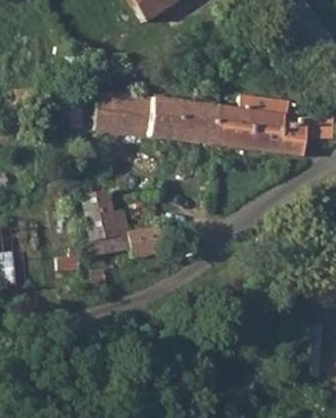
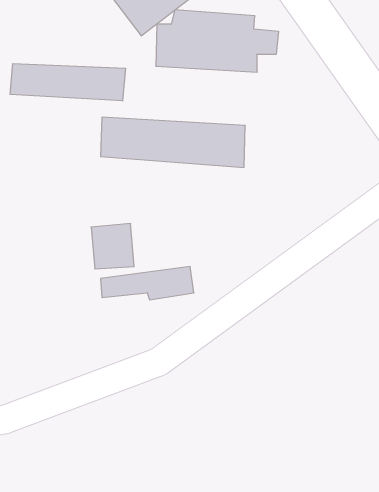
building: none -> [10,64,126,101]
building: [221,95,324,147] -> [156,10,279,72]

